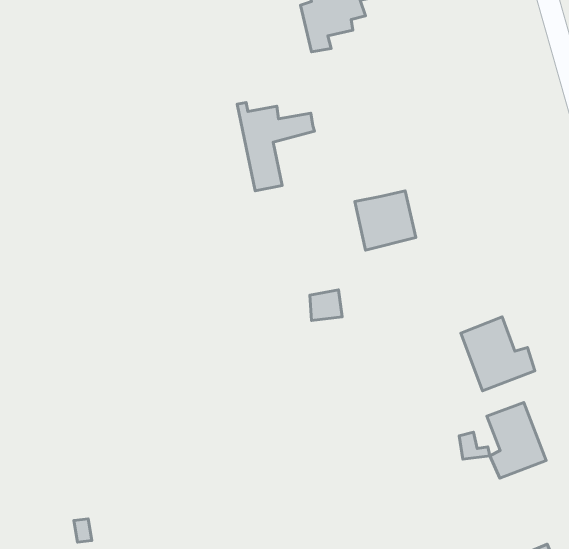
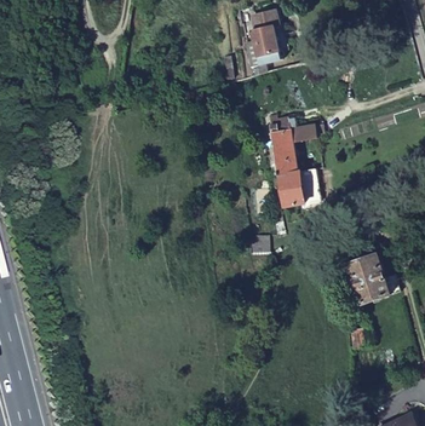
building: [237,102,315,191] -> [266,115,318,174]
building: [487,403,546,478] -> none

